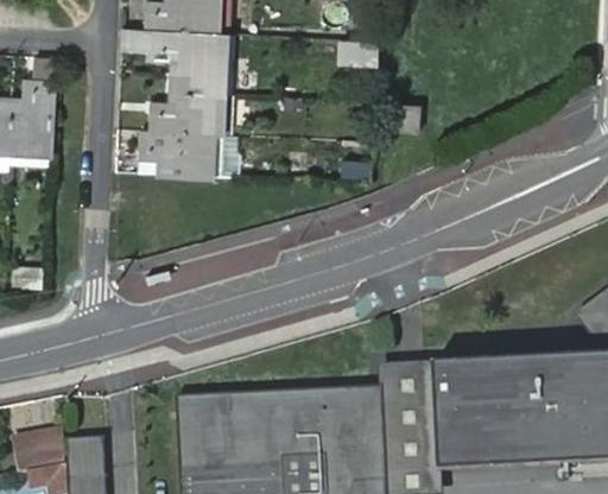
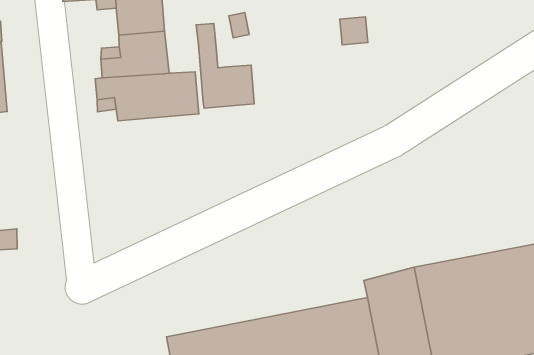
building: none -> [196,23,254,108]

